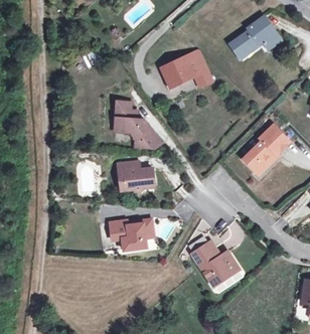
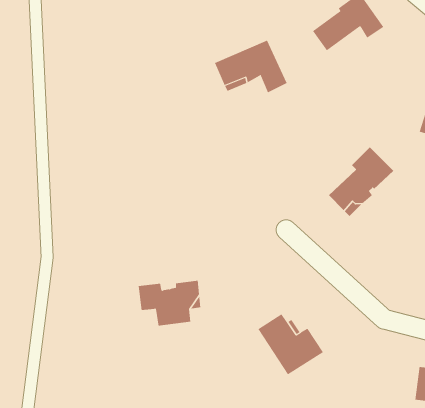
building: [115,102,160,147] -> none
building: [118,162,153,194] -> none

